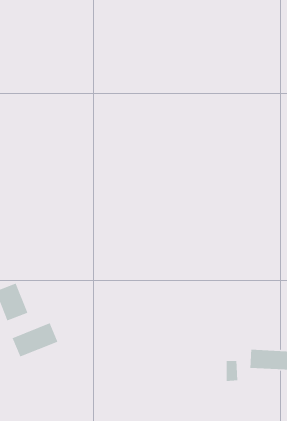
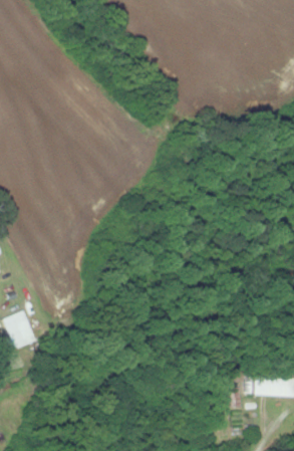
building: [11,322,59,358] -> none

